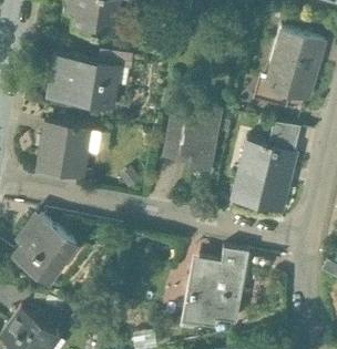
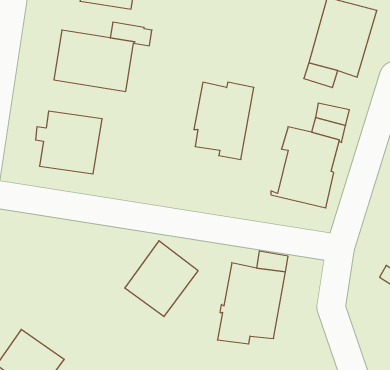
building: [12,219,74,284] -> [125,241,198,317]

